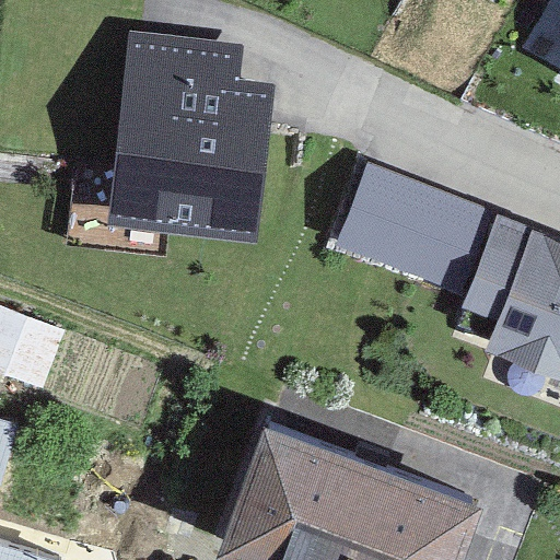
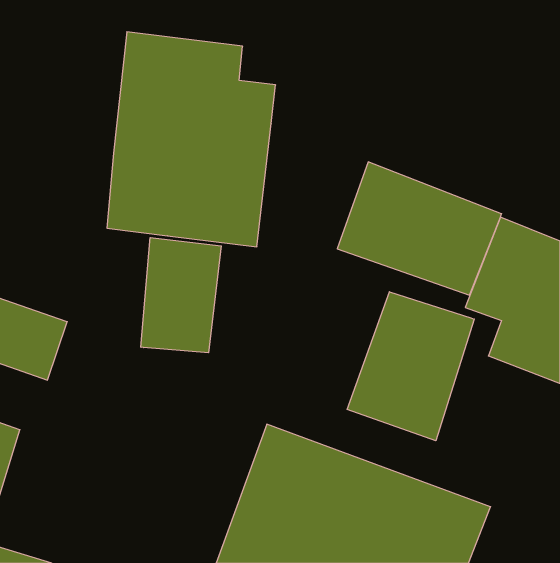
building: none -> [141,238,221,353]
building: none -> [347,292,474,441]

